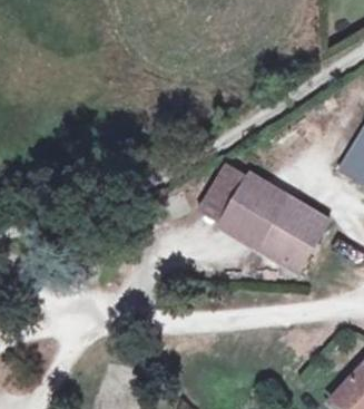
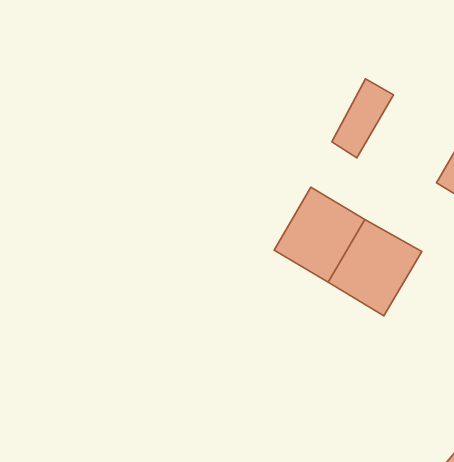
building: [198,163,245,223] -> [332,79,393,158]

